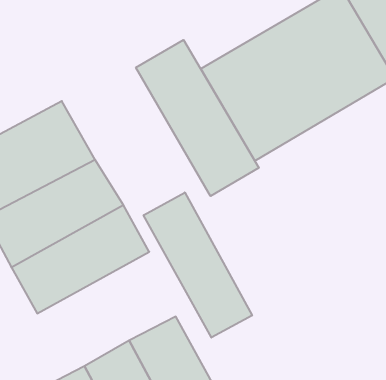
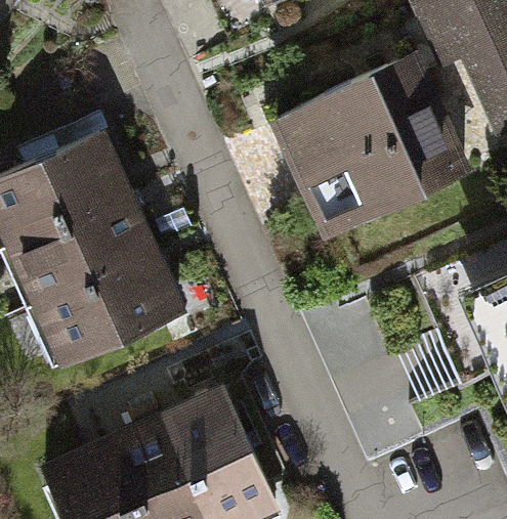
building: [136,40,259,196] -> none
building: [144,192,252,338] -> none

